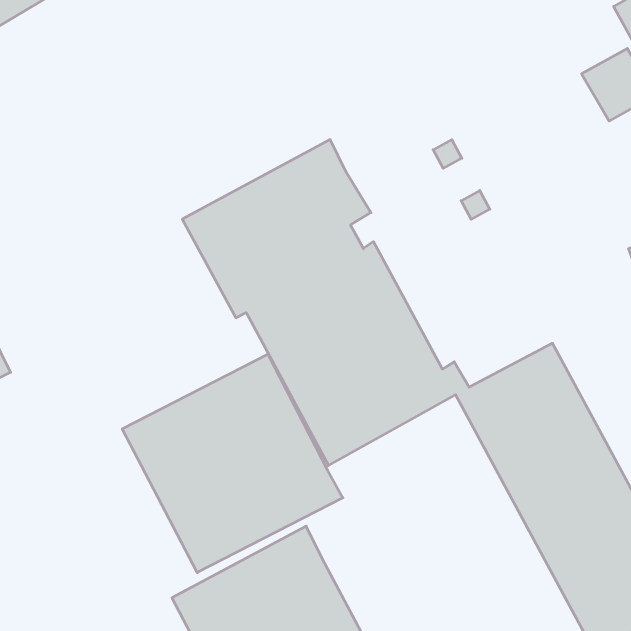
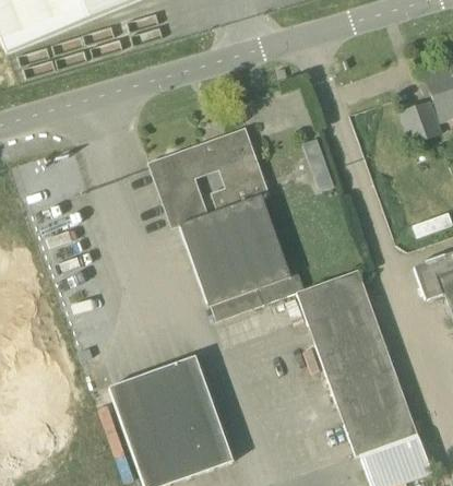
building: [122,354,343,573] -> none

